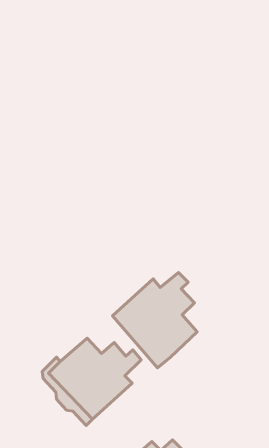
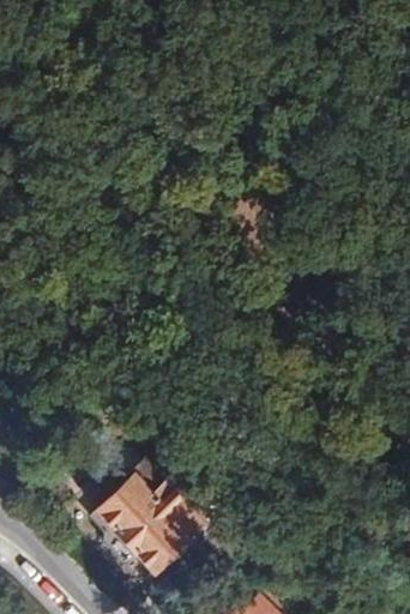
building: [113,272,197,368] -> none

